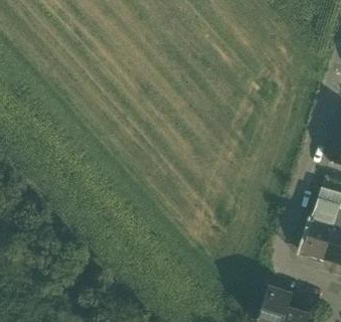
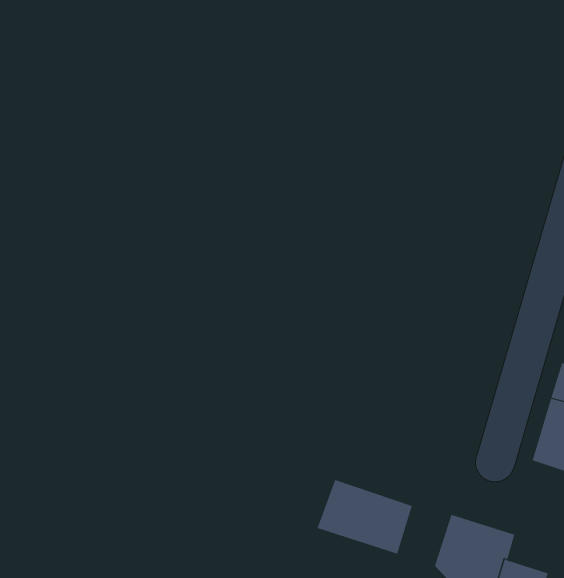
building: none -> [317,479,412,555]

